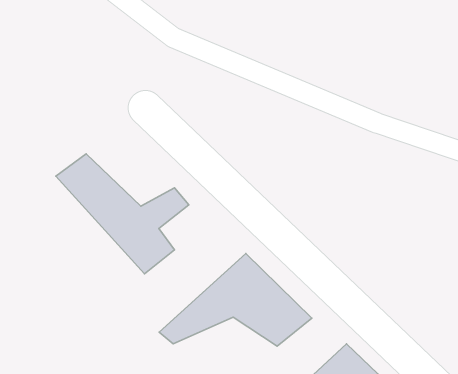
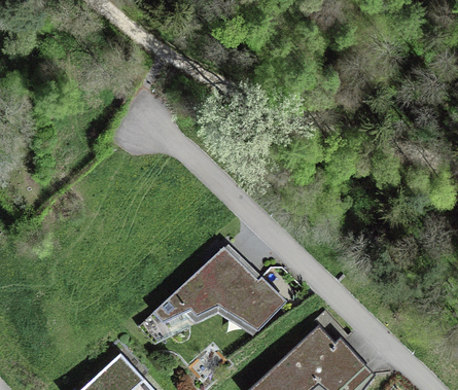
building: [56,154,189,274] -> none

